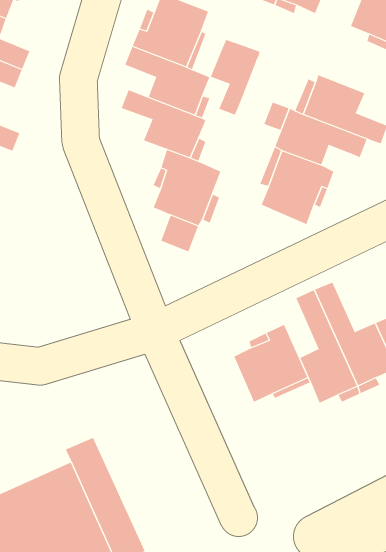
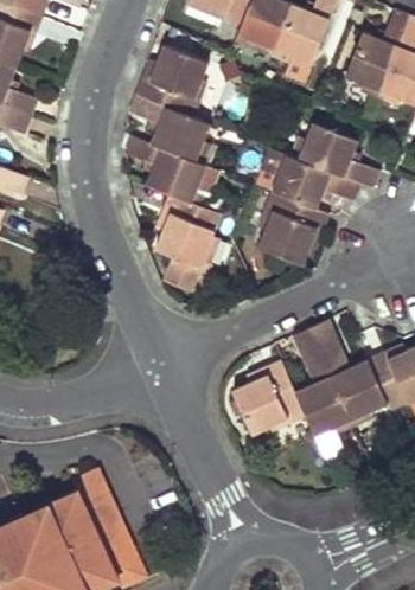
building: [210,39,260,115] -> none

